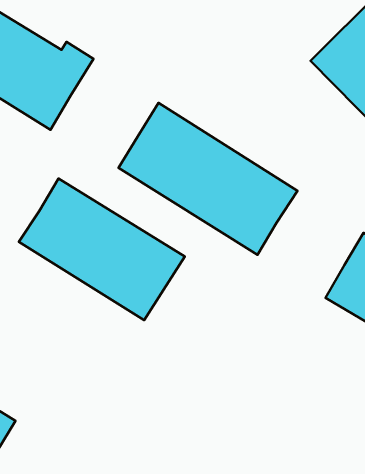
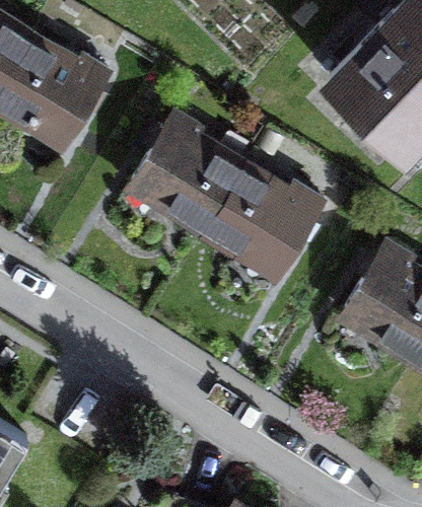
building: [19,178,185,320] -> none

